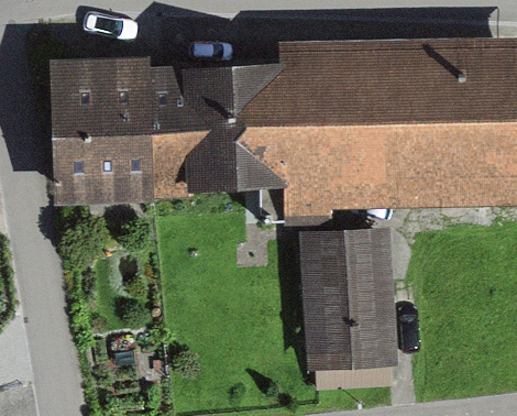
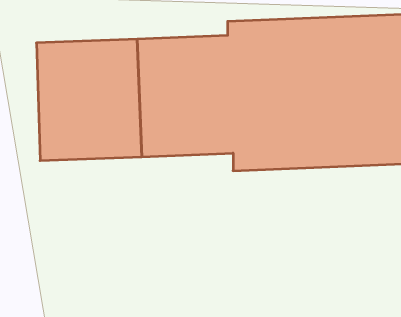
building: [312,229,392,369] -> none

